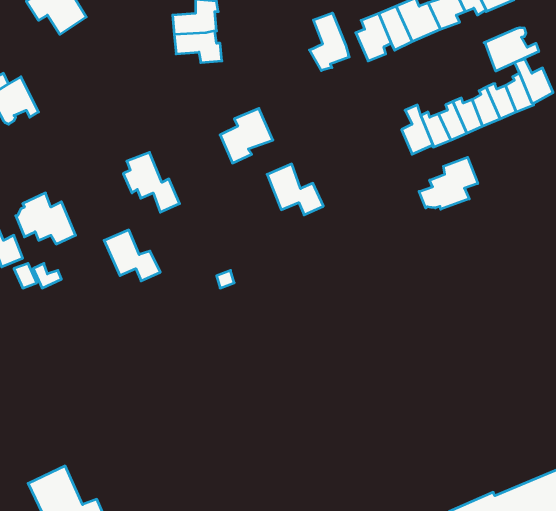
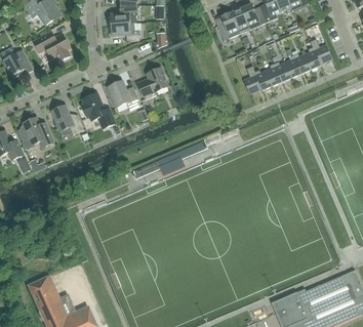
building: [309,13,349,71] -> none
building: [484,28,539,71] -> none
building: none -> [34,31,71,60]
building: [419,157,478,209] -> none
building: [267,164,323,215] -> [109,79,142,109]
building: [104,230,160,281] -> [51,104,84,133]

